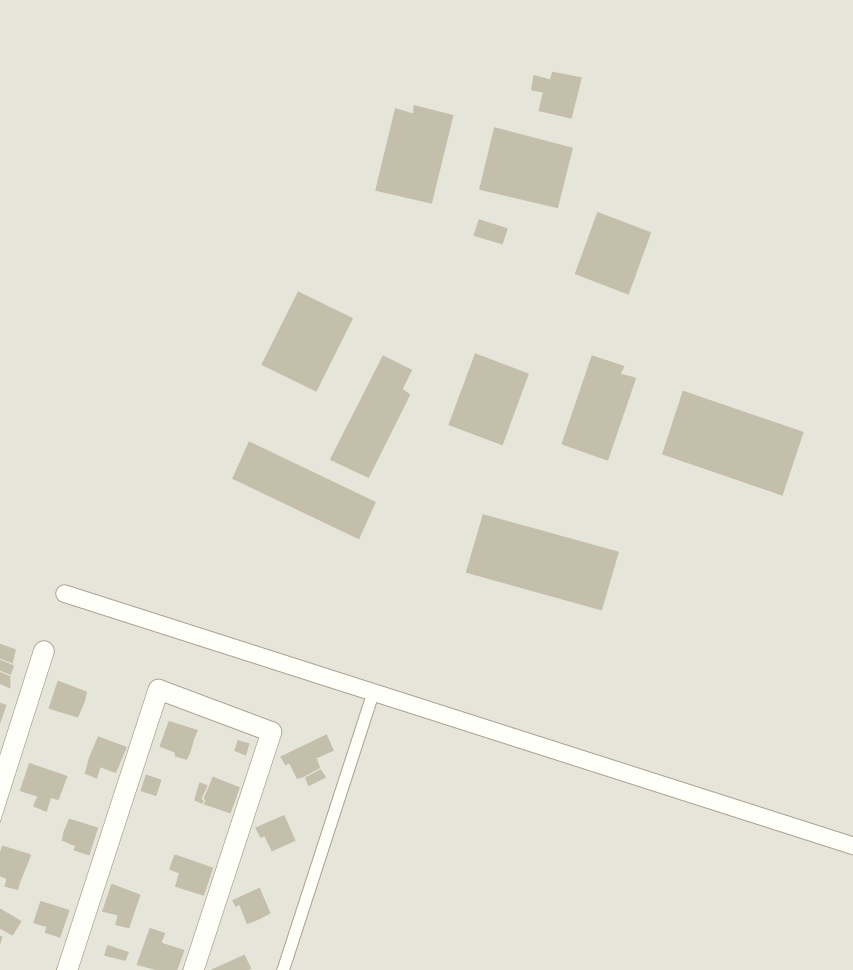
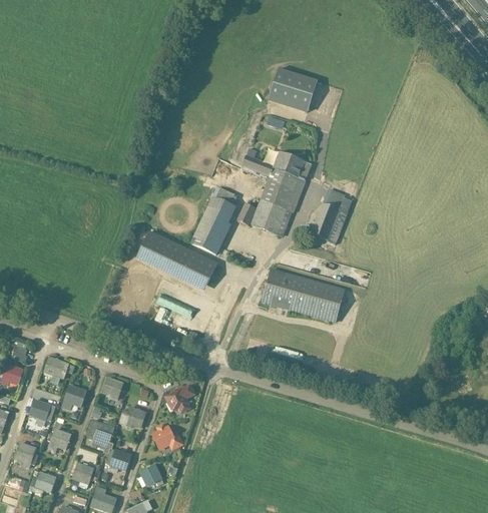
building: [531,71,582,120] -> none
building: [374,104,454,204] -> none
building: [574,211,652,295] -> [268,152,309,196]
building: [261,290,354,392] -> none
building: [661,390,804,497] -> none
building: none -> [87,420,114,453]

